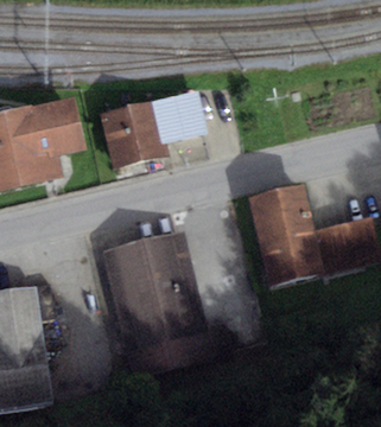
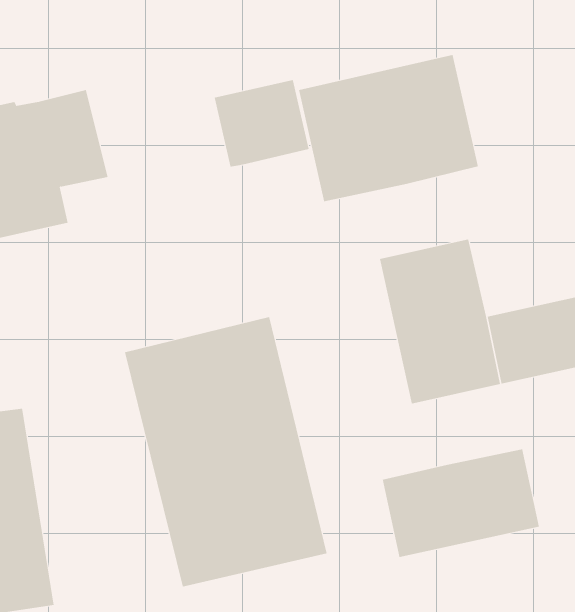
building: none -> [298,54,478,202]
building: [100,101,169,167] -> none
building: none -> [382,448,540,558]

